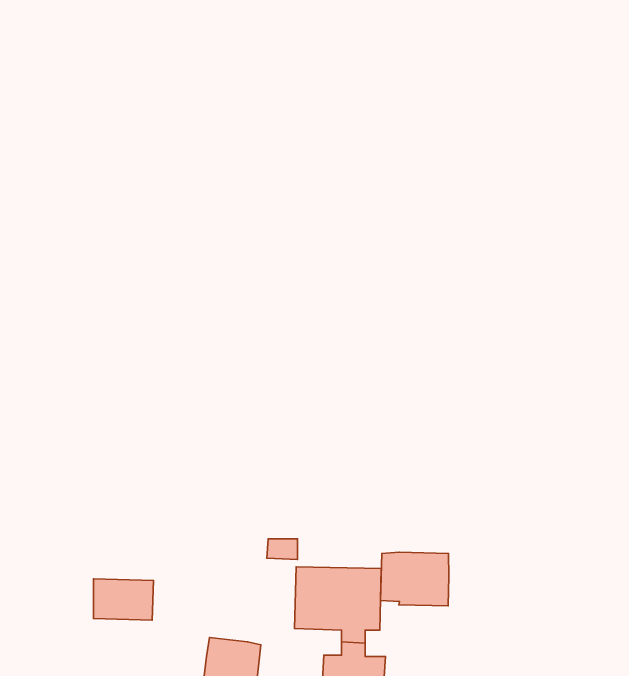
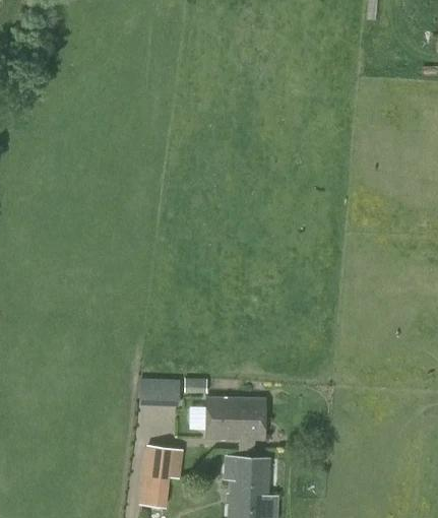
building: [380,552,449,606] -> none
building: [93,579,154,620] -> [138,378,180,406]

